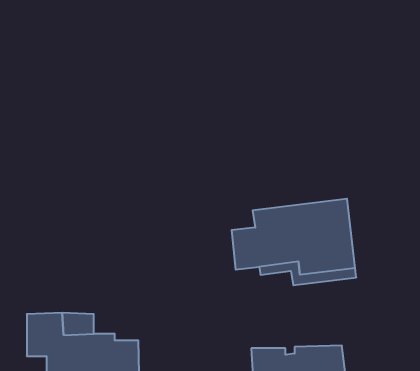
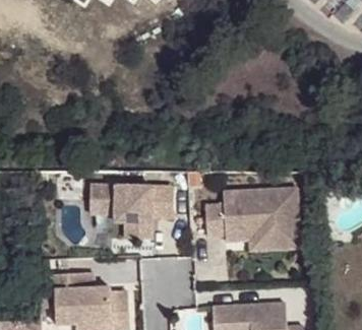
building: none -> [87,187,171,240]

